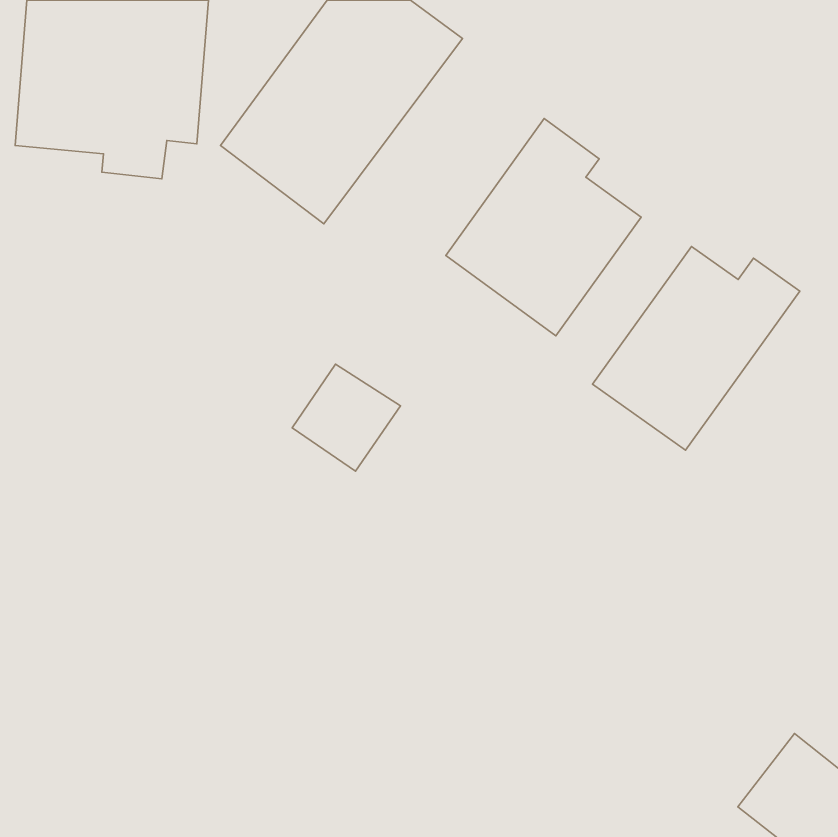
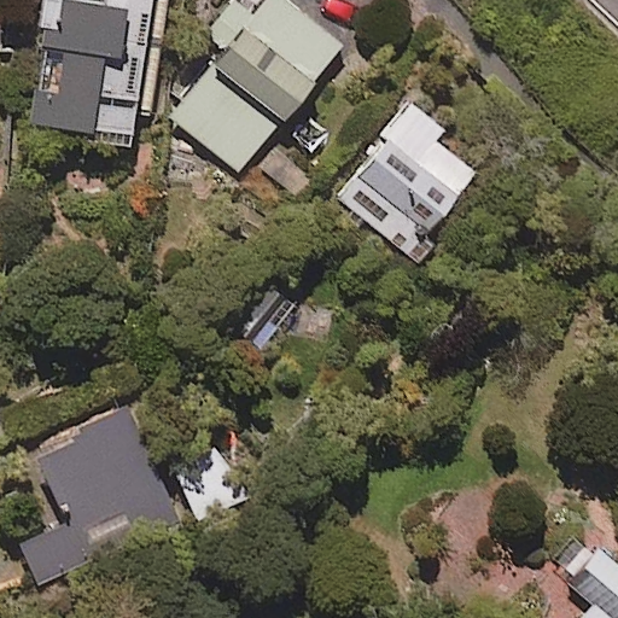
building: [592,247,800,450] -> none
building: none -> [18,404,185,596]

